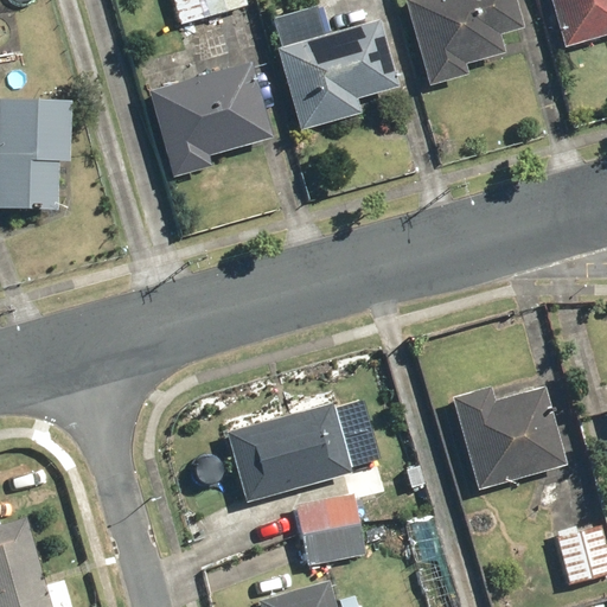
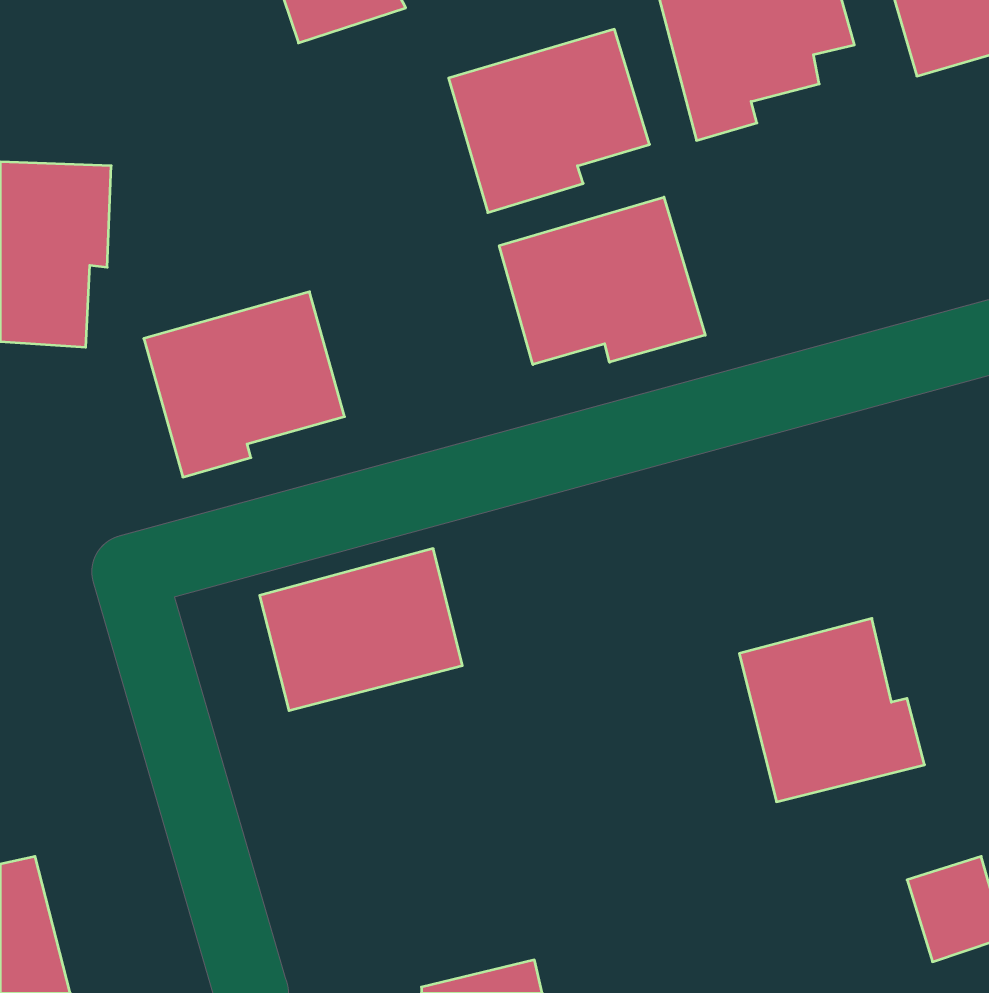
building: [148,63,270,175] -> [144,292,345,477]
building: none -> [499,197,705,365]
building: [229,402,352,500] -> [260,549,462,711]
building: [298,494,366,566] -> none

